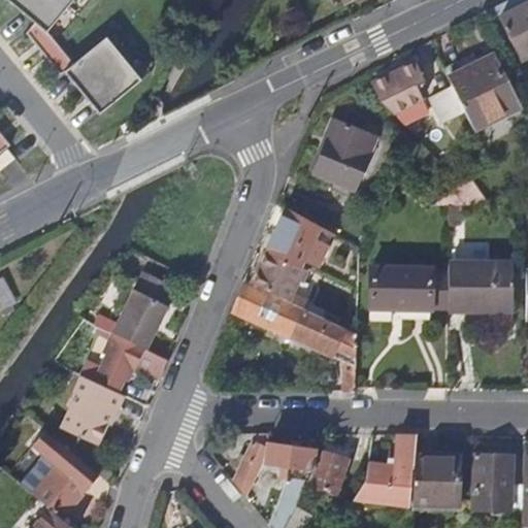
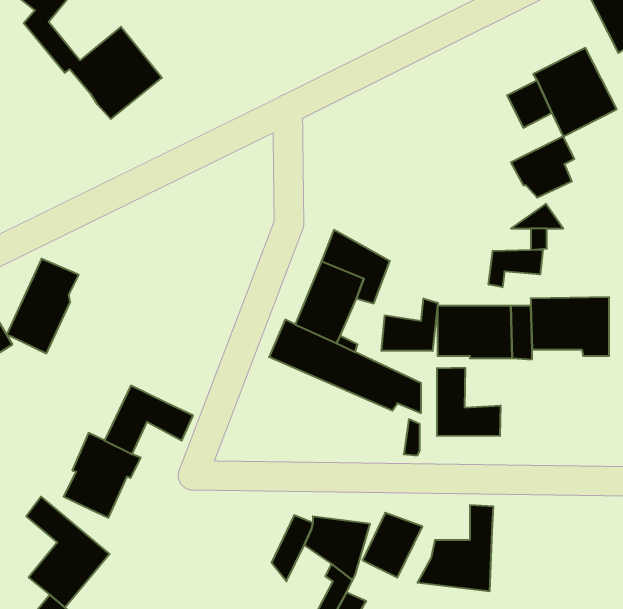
building: [372,61,425,111] -> [511,136,574,198]
building: [314,120,375,189] -> none
building: none -> [489,250,543,287]
building: none -> [382,298,438,351]
building: [113,270,173,349] -> [6,259,79,353]
building: none -> [437,368,500,436]
building: [473,454,514,509] -> none
building: [414,455,459,505] -> none

